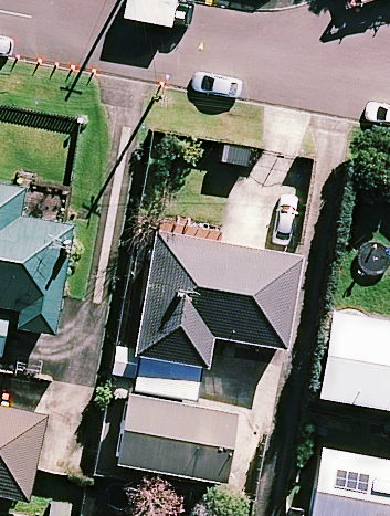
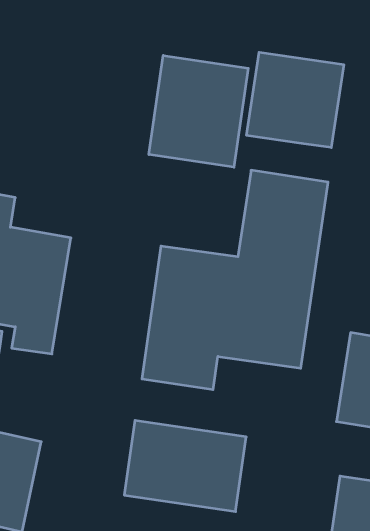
building: none -> [247,52,344,148]
building: none -> [149,55,248,167]

